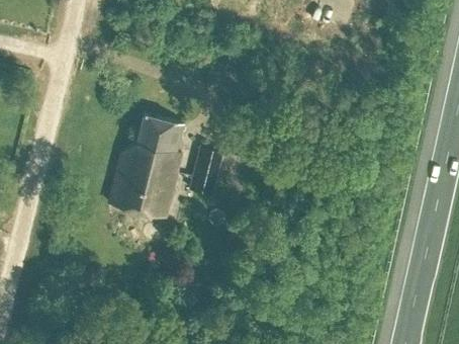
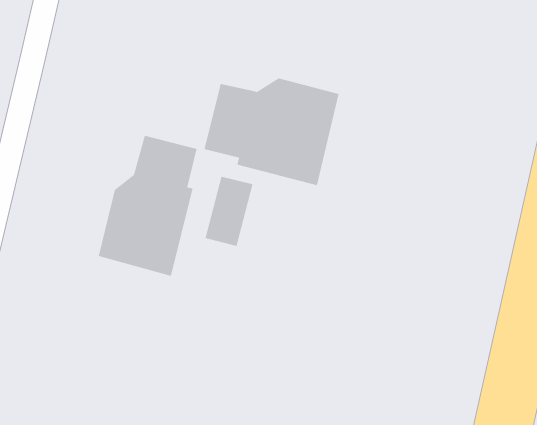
building: none -> [203,77,339,186]

